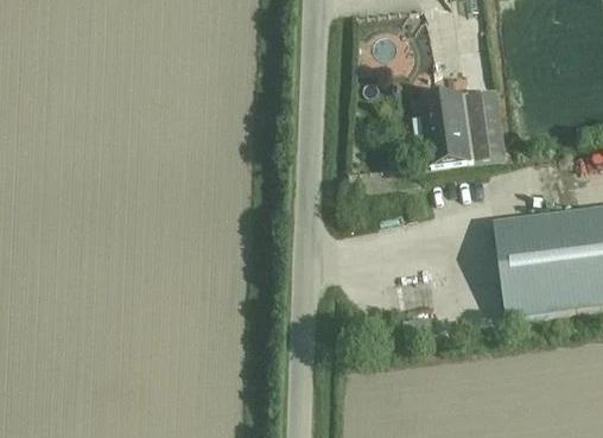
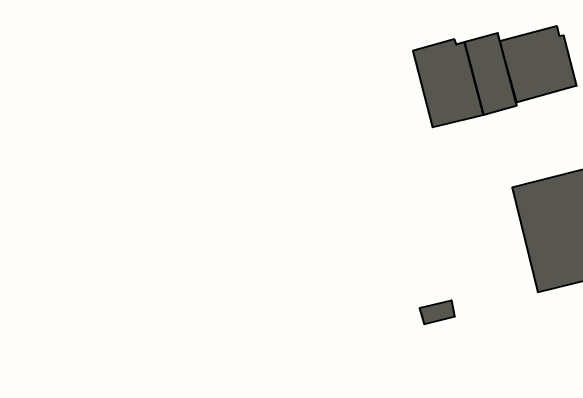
building: none -> [500,26,577,102]

